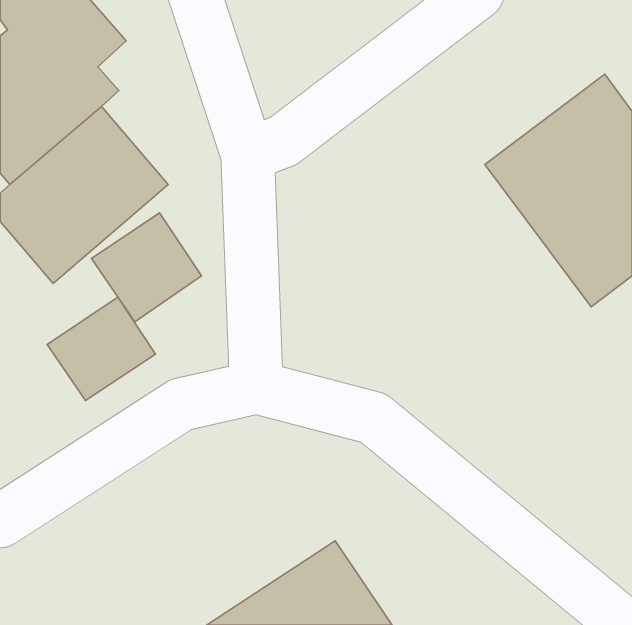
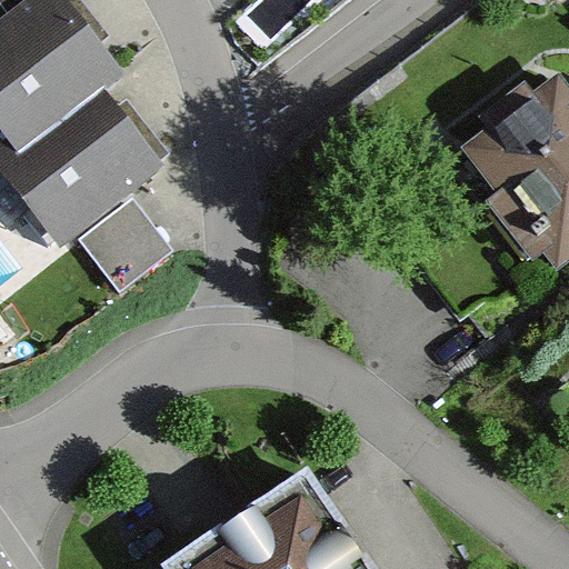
building: [47,297,155,401] -> none

